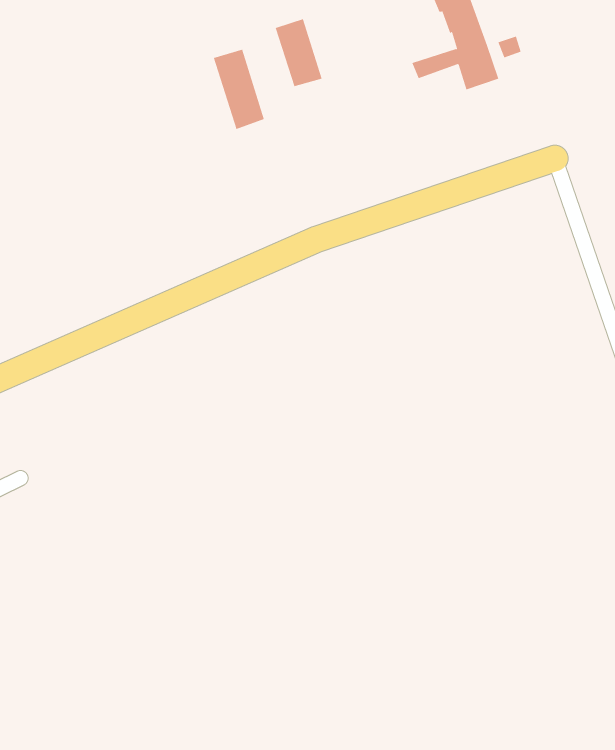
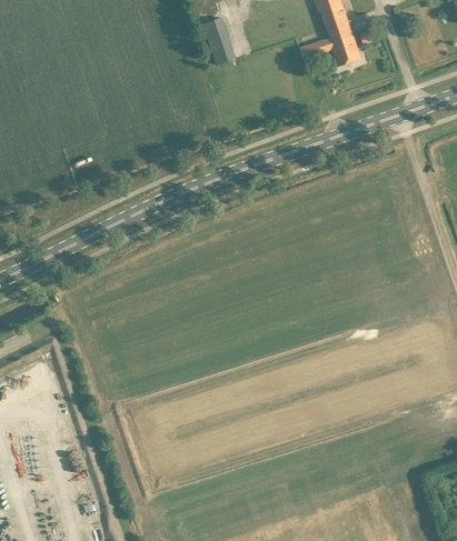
building: [213,49,264,130] -> none

